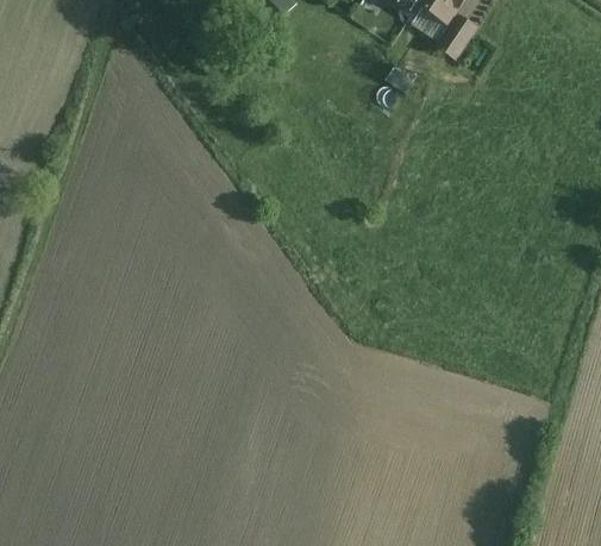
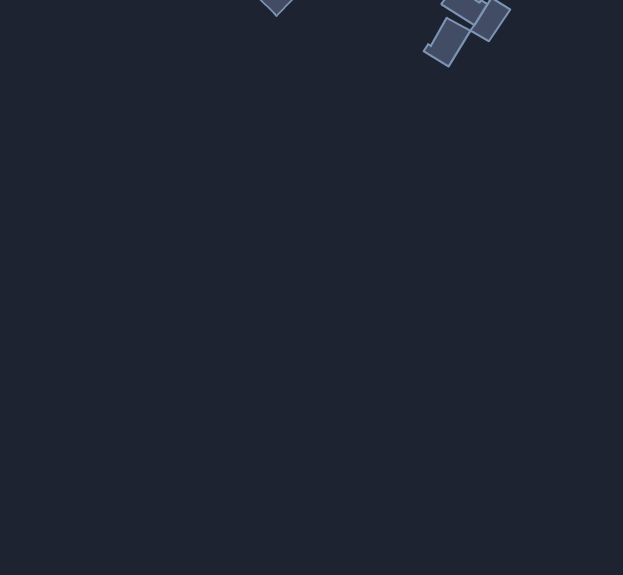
building: none -> [424,18,470,67]

